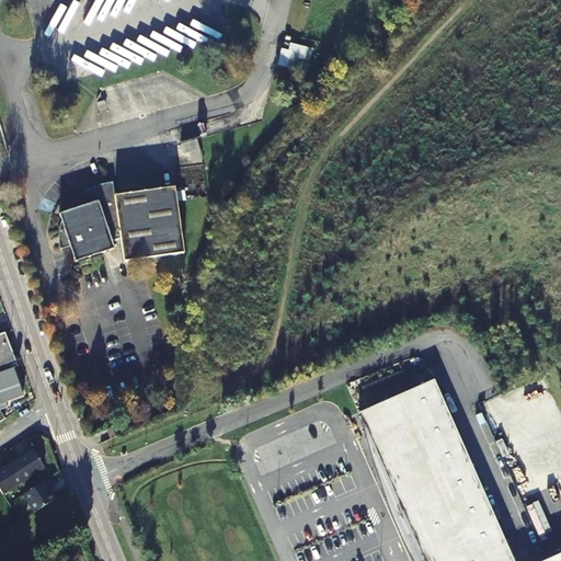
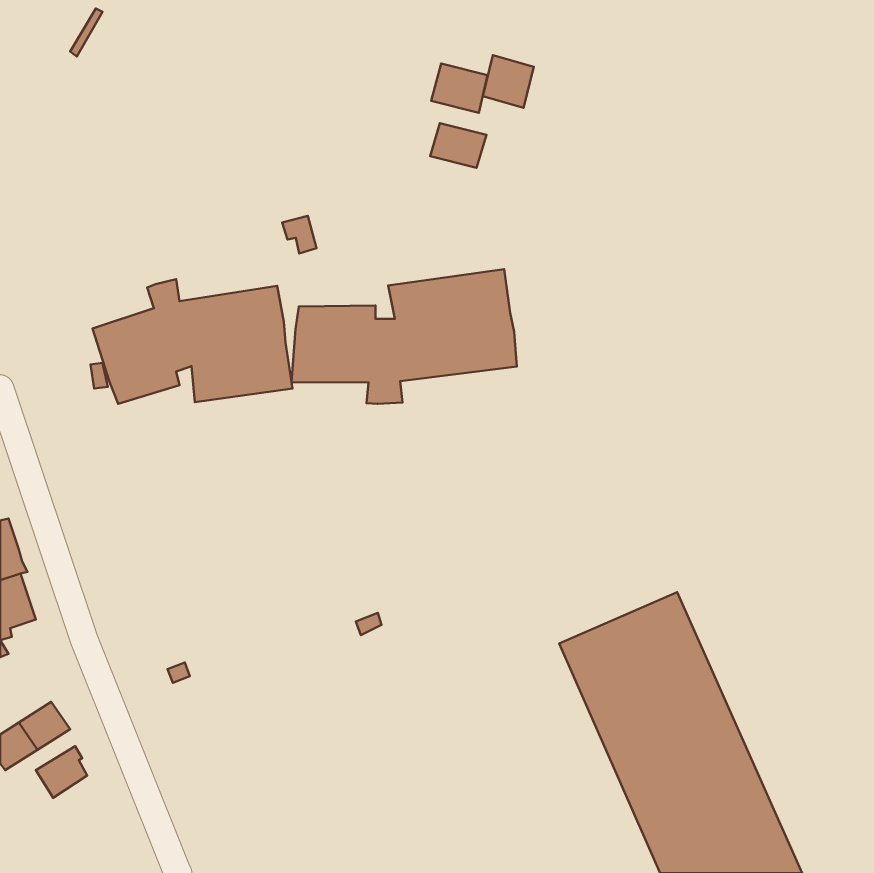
building: none -> [483,55,534,108]
building: none -> [430,123,487,168]
building: none -> [292,269,517,404]

